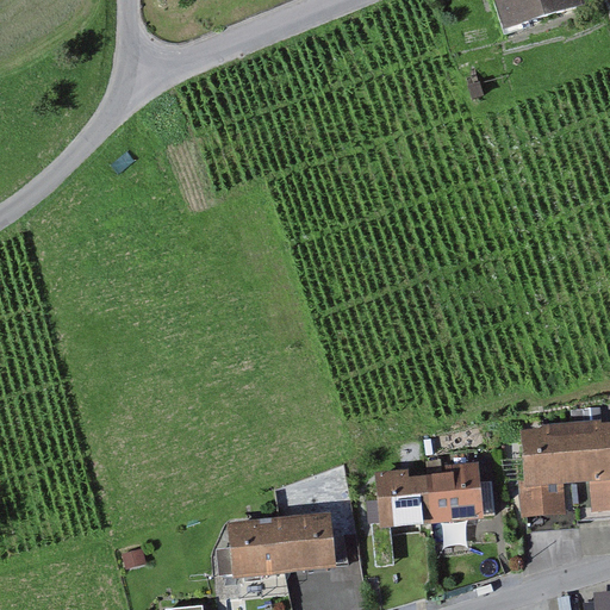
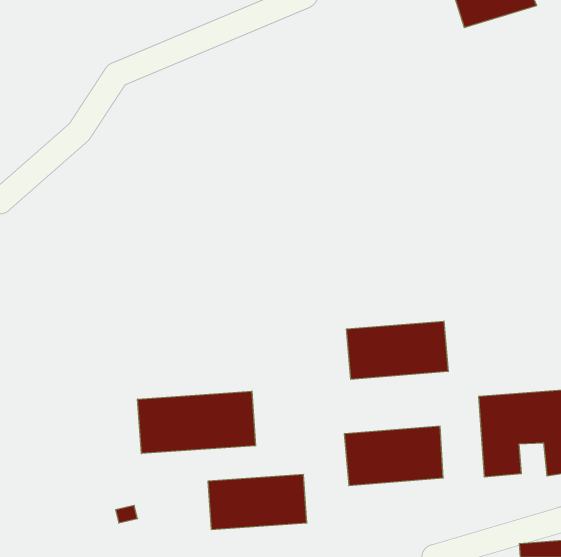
building: none -> [347,321,448,379]
building: none -> [138,391,256,454]

